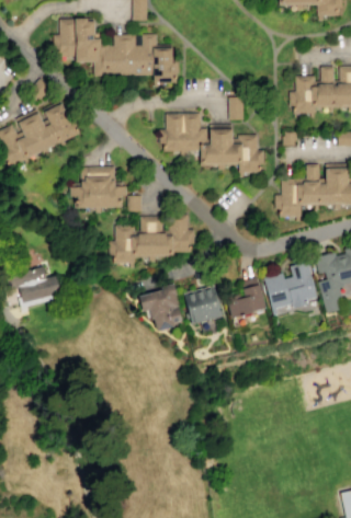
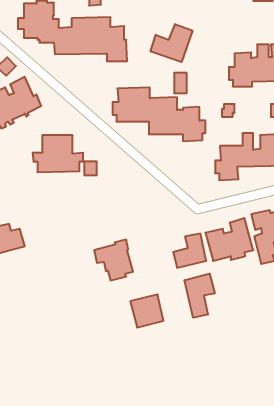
building: none -> [151,24,193,62]
building: [109,216,195,264] -> none
building: [184,287,222,324] -> [130,294,163,328]
building: none -> [185,274,215,318]

